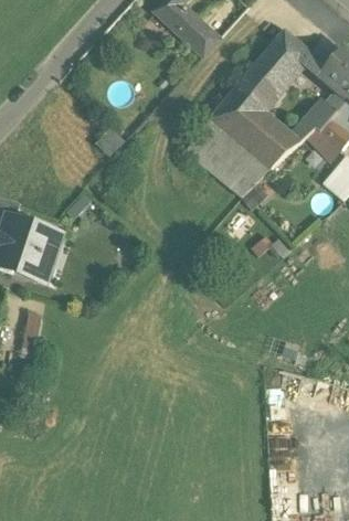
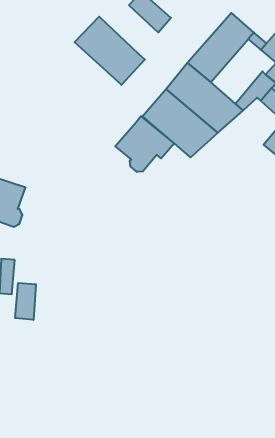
building: none -> [75,17,145,85]
building: none -> [115,116,174,172]
building: none -> [15,283,36,320]

